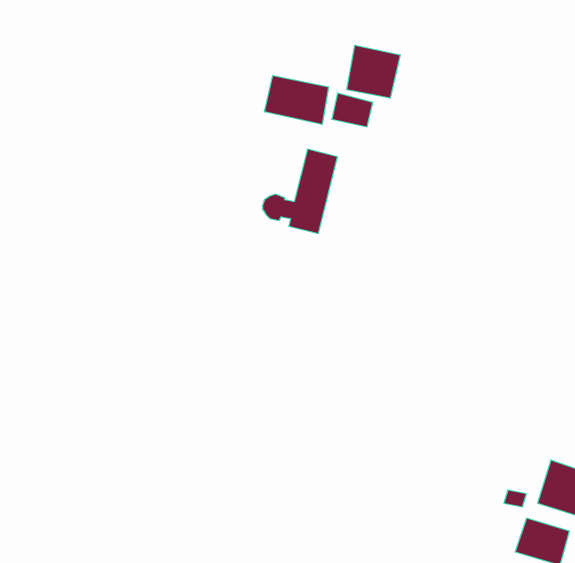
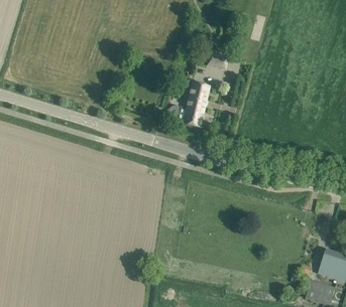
building: [347,45,400,98] -> none
building: [264,76,328,124] -> none

